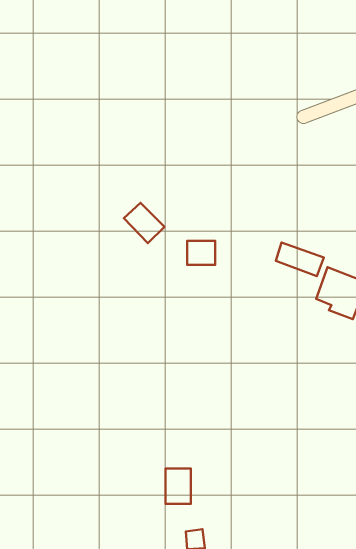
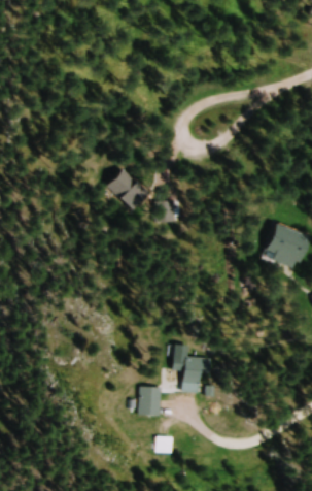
building: [276,242,324,276] -> none
building: none -> [174,346,204,385]

